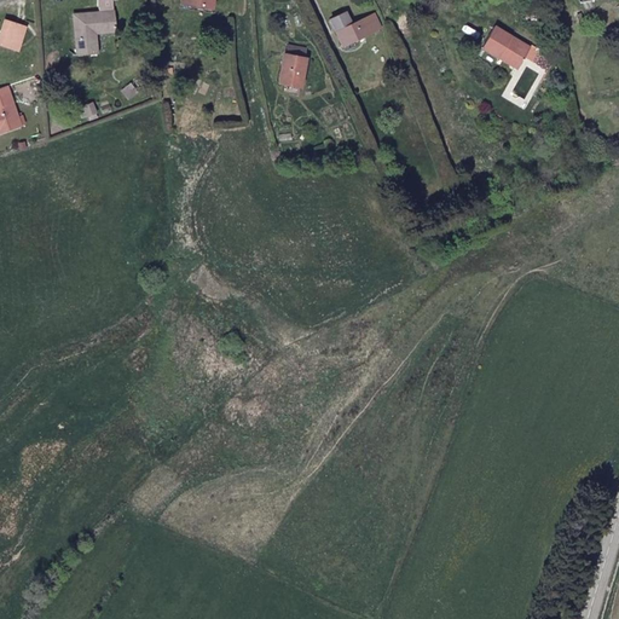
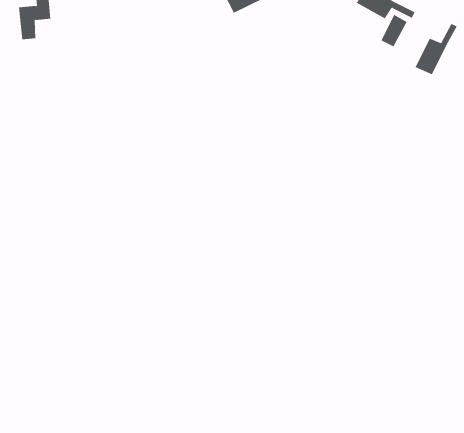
building: [274,46,302,88] -> none
building: none -> [415,23,457,75]

